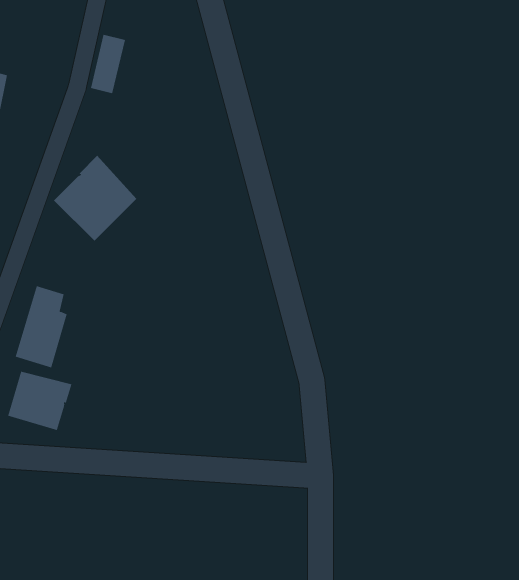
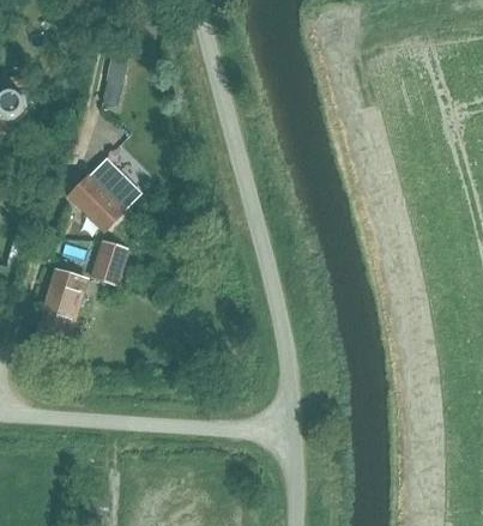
building: none -> [92,240,127,284]
building: [7,371,72,431] -> none

